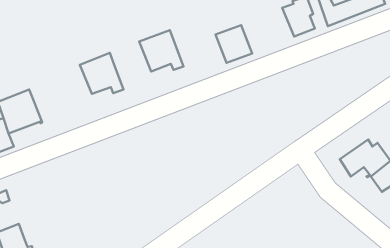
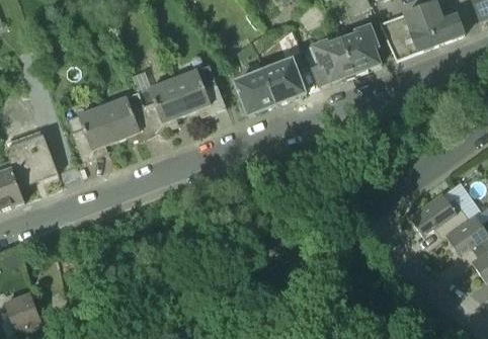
building: none -> [311,37,356,84]
building: none -> [235,69,276,113]
building: none -> [144,77,187,134]
building: none -> [67,104,117,161]

